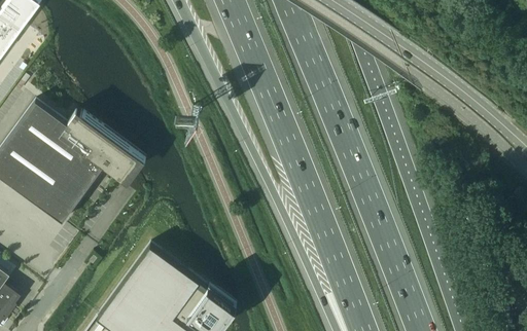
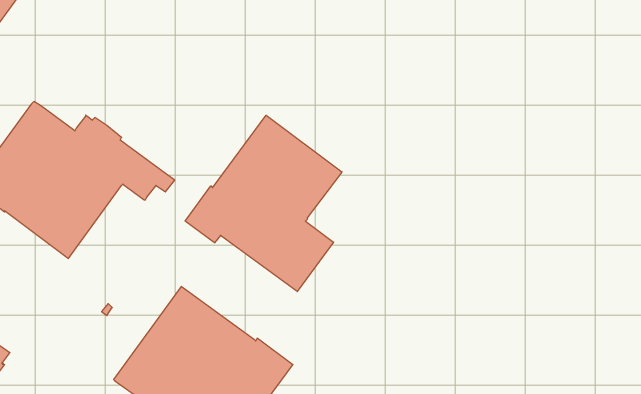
building: none -> [185,115,342,292]

